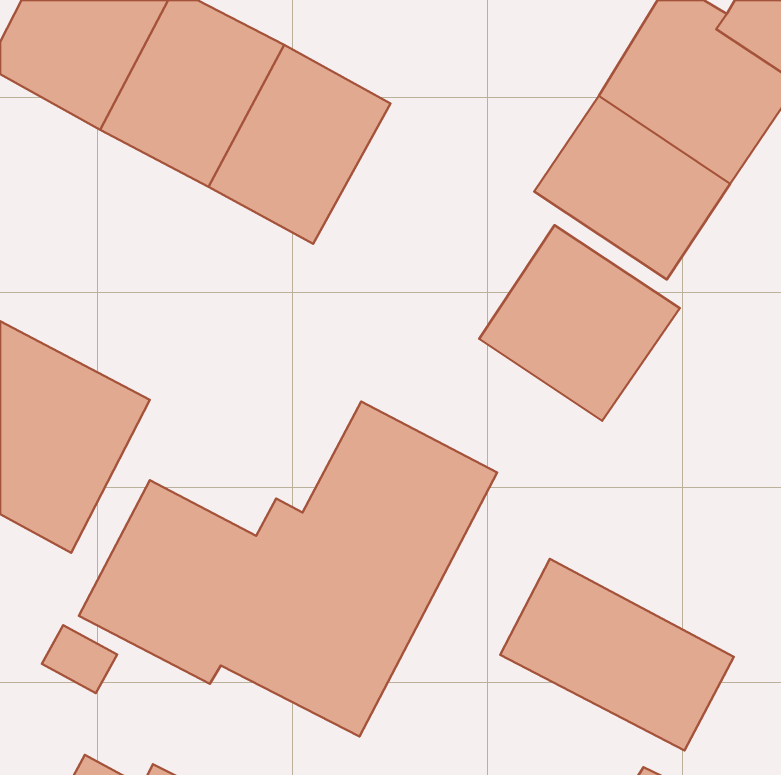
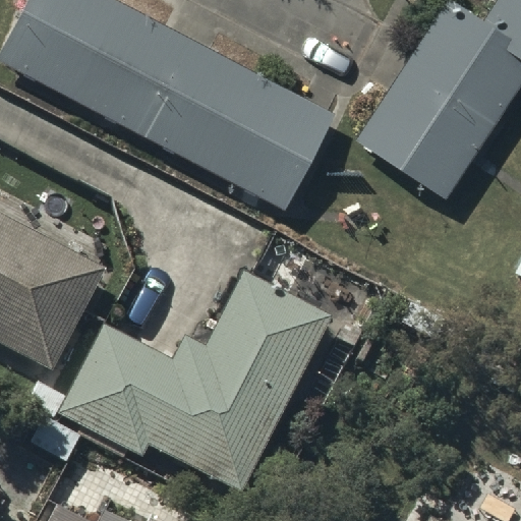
building: none -> [212,77,333,208]
building: [479,225,680,421] -> none
building: [500,559,734,751] -> none

